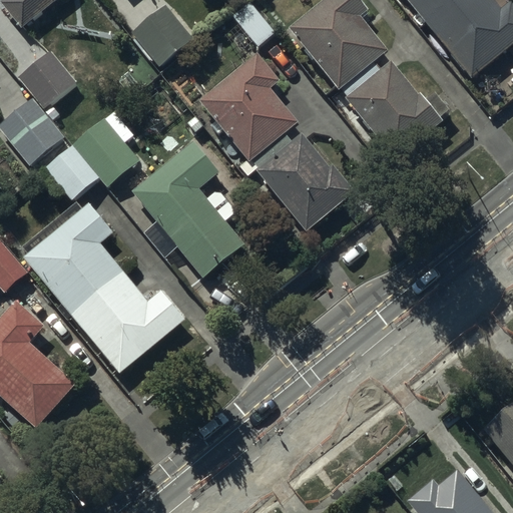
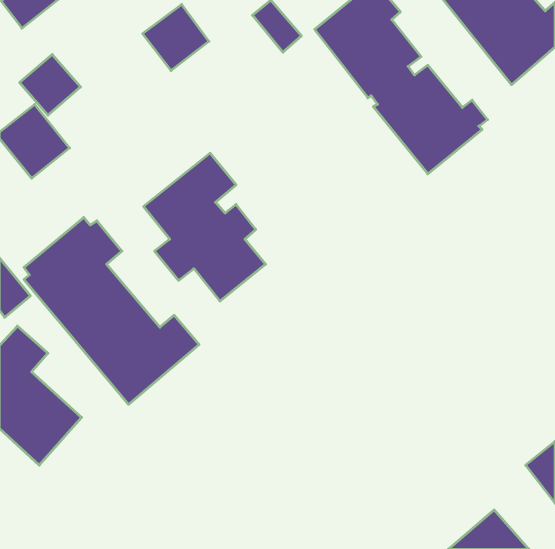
building: [199,54,354,230] -> none
building: [44,110,139,200] -> none

